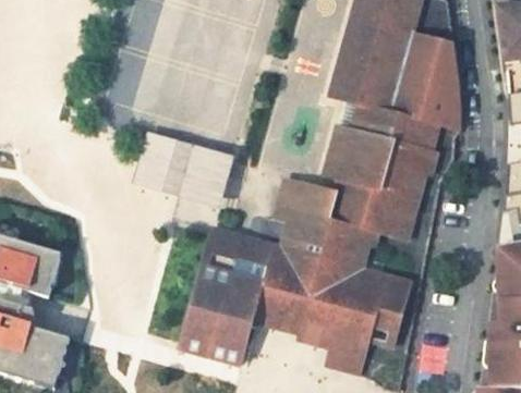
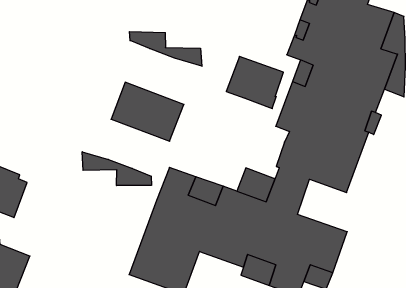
building: none -> [129,32,202,66]
building: [275,177,335,231] -> [226,56,283,109]
building: none -> [82,152,151,186]

